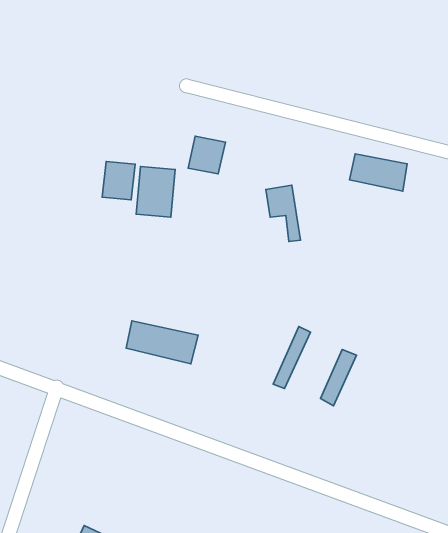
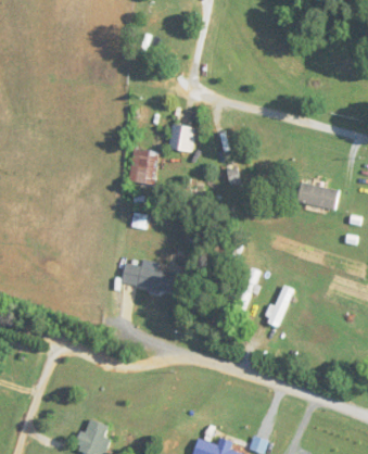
building: [350,154,407,191] -> [295,181,339,210]
building: [102,161,135,200] -> none

